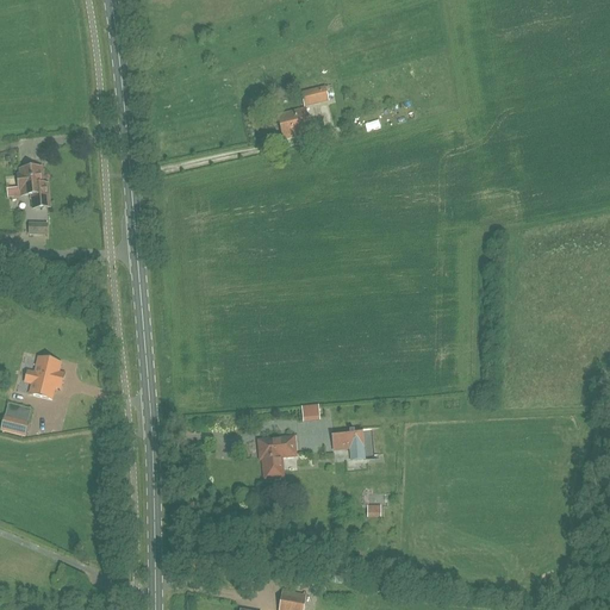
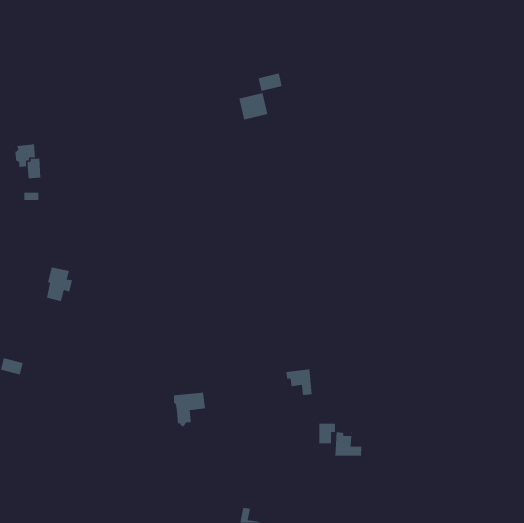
building: [32,357,63,398] -> [46,267,73,302]
building: [257,436,295,477] -> [173,392,206,427]
building: none -> [335,431,362,456]

